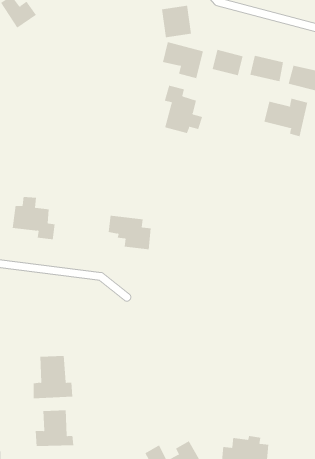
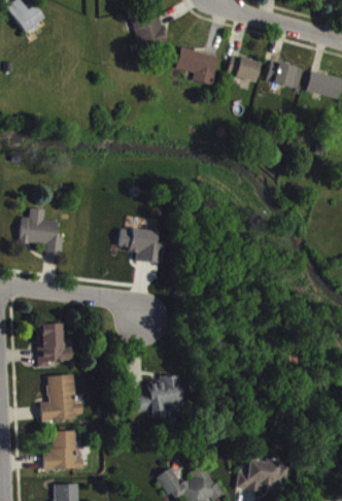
building: [161,5,192,38] -> [133,11,165,45]
building: [164,85,203,134] -> none
building: [264,98,308,137] -> none
building: none -> [37,324,72,367]
building: none -> [131,374,183,415]

